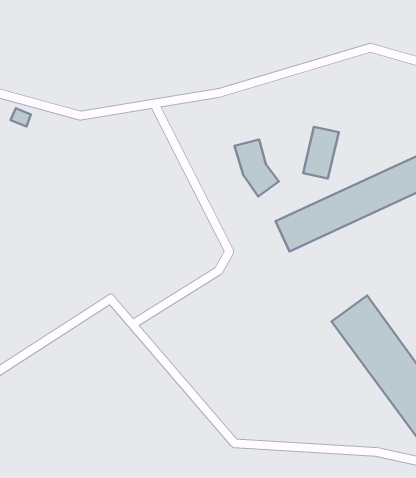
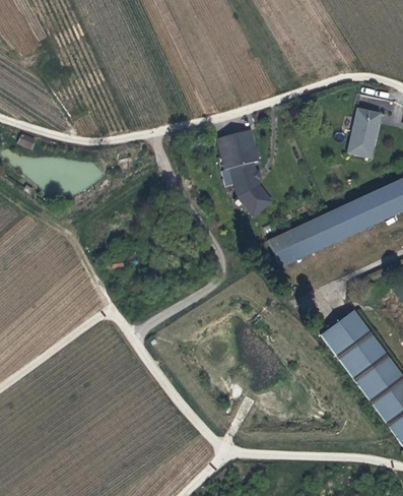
building: none -> [217,130,258,169]
building: [303,127,339,178] -> [347,109,381,158]

